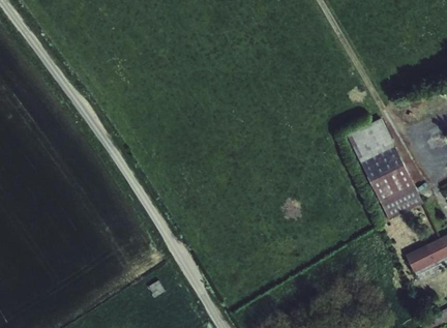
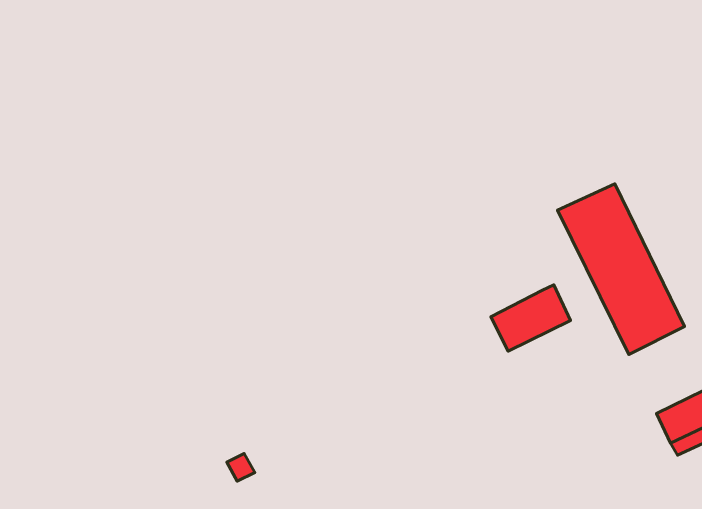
building: none -> [491,285,571,351]

